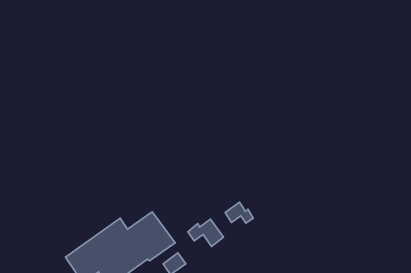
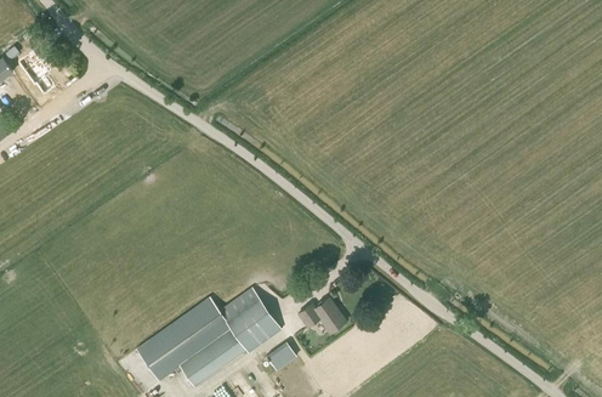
building: [225,202,253,223] -> none

